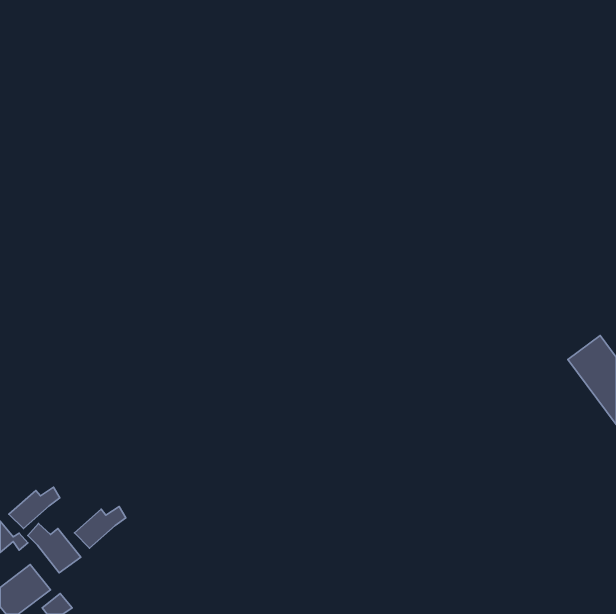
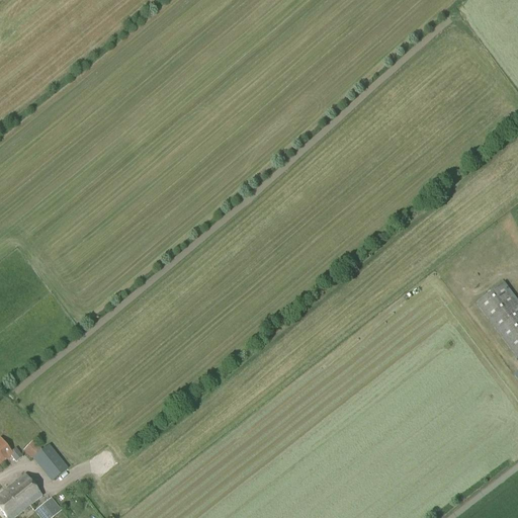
building: [9,487,60,528] -> none
building: [74,506,126,548] -> none

